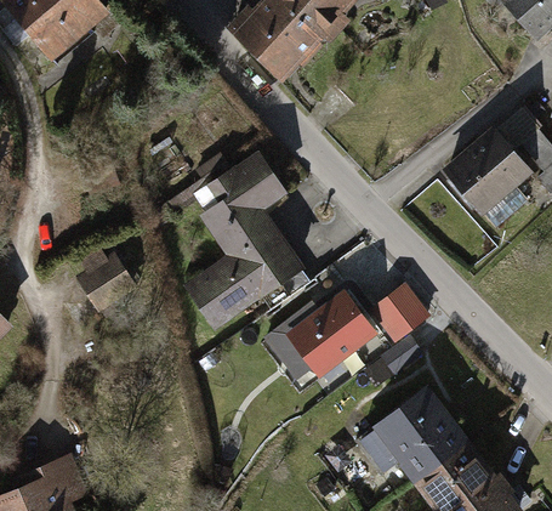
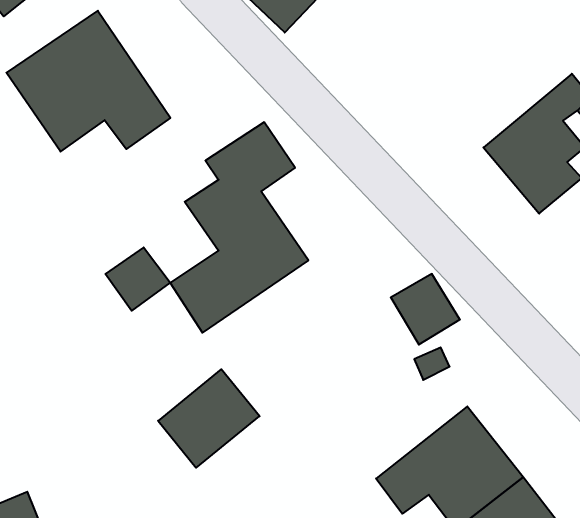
building: none -> [6,11,170,152]
building: [75,259,129,311] -> [105,247,170,311]
building: [283,295,366,376] -> [158,369,260,468]

